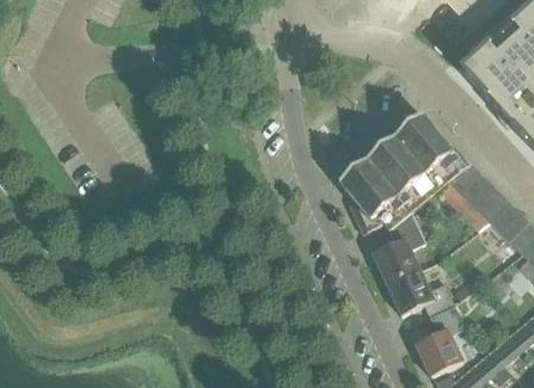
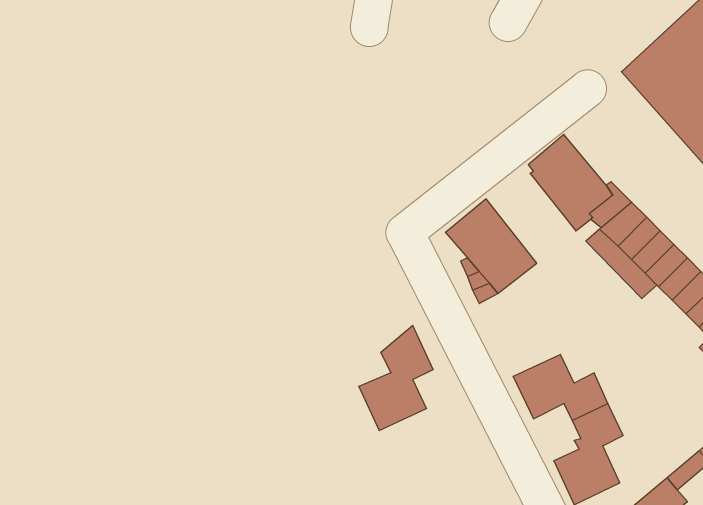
building: [367,134,430,203] -> none
building: [372,209,424,283] -> [359,326,433,430]

